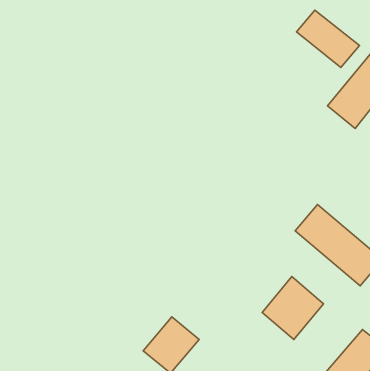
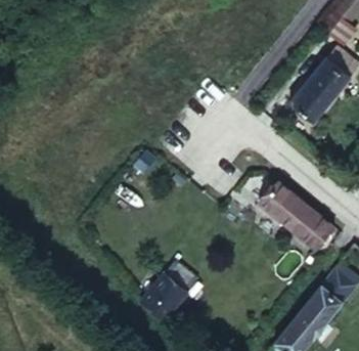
building: [296,10,359,67] -> none
building: [262,277,323,340] -> none

